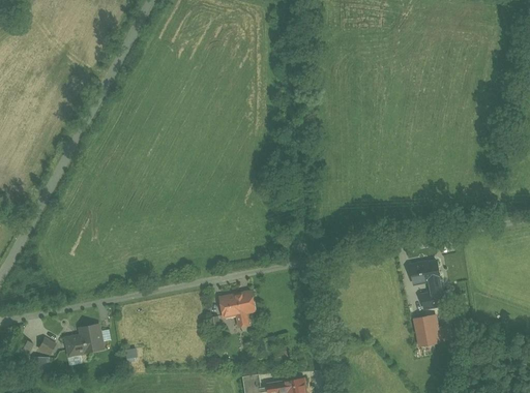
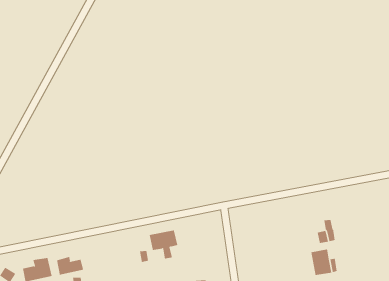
building: [409,261,438,283] -> none
building: none -> [56,256,84,275]

